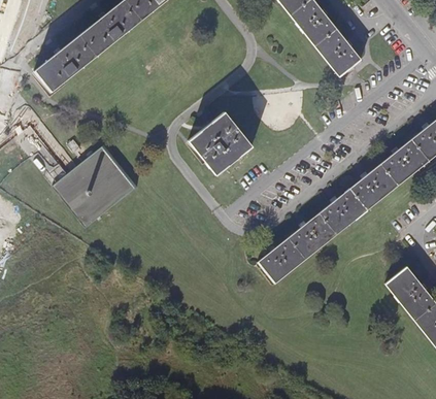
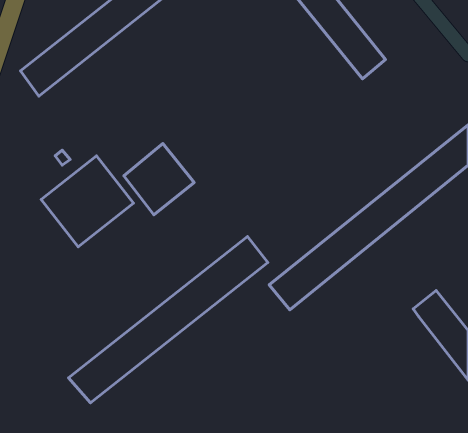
building: [189,110,251,174] -> [124,144,194,215]
building: none -> [69,236,268,403]

